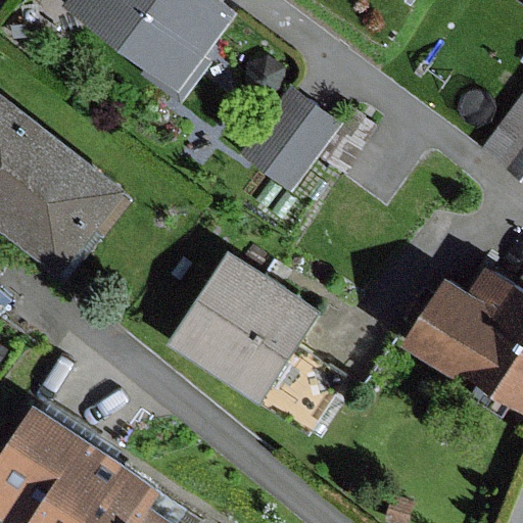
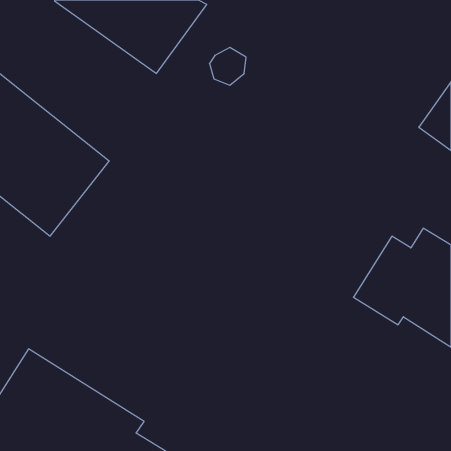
building: [239,89,338,193] -> none
building: [167,253,318,405] -> none

